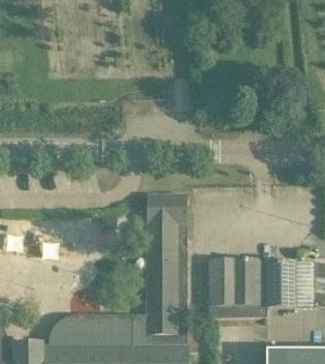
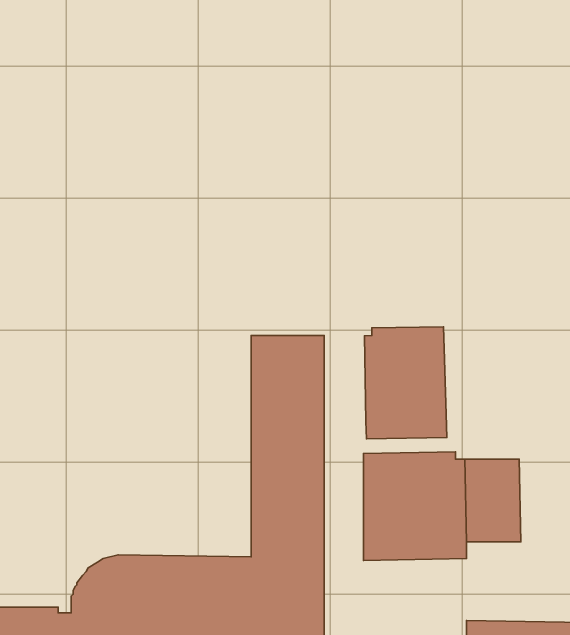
building: none -> [365,327,447,439]

